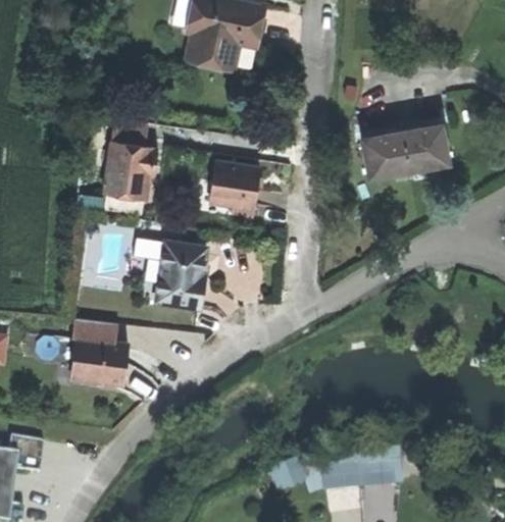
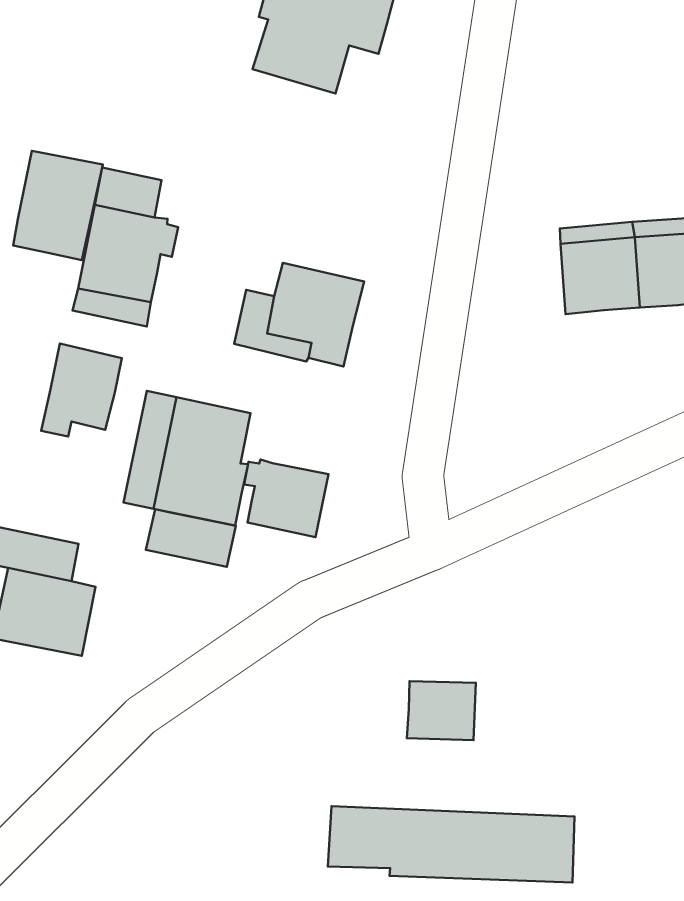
building: none -> [13,151,103,260]
building: none -> [41,344,122,437]
building: none -> [244,460,329,537]
building: none -> [146,509,236,567]
building: none -> [407,681,476,740]

